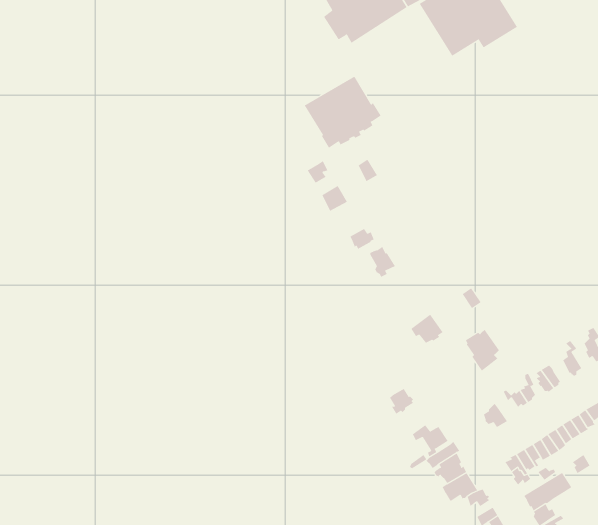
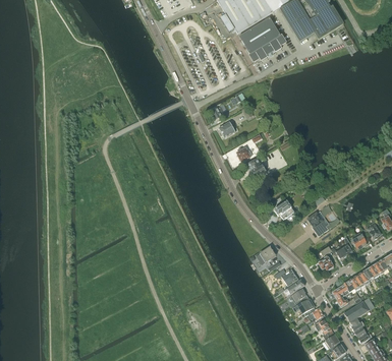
building: [304,76,381,148] -> [238,17,286,62]

